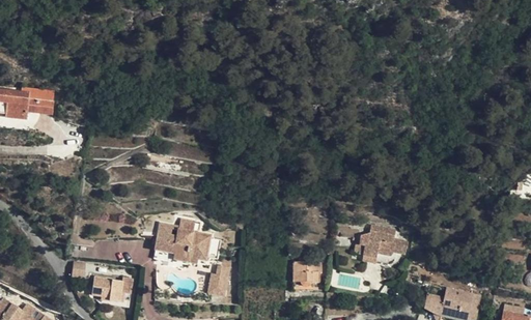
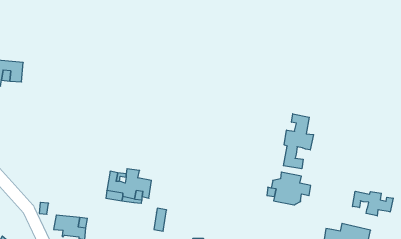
building: none -> [283,114,314,169]
building: none -> [353,191,393,216]
building: [292,262,322,290] -> none

